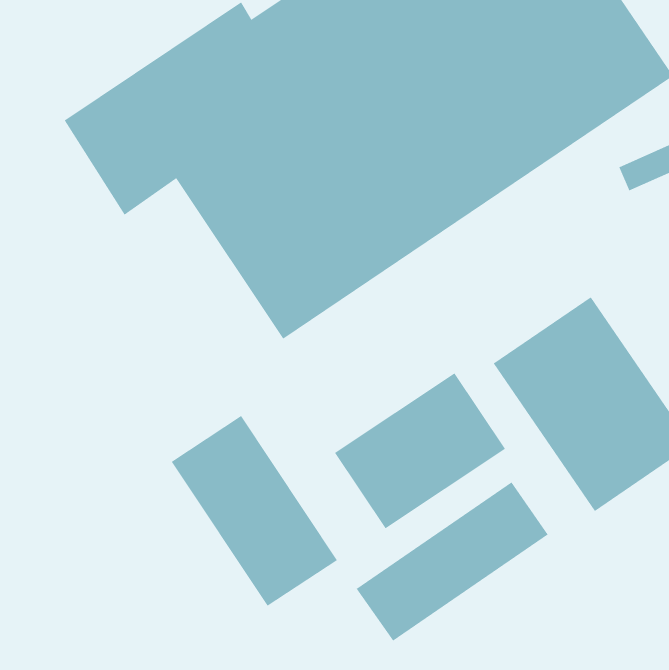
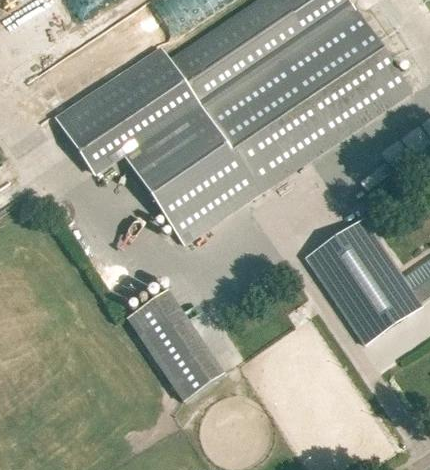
building: [334,372,506,529] -> none
building: [356,482,549,642] -> none

